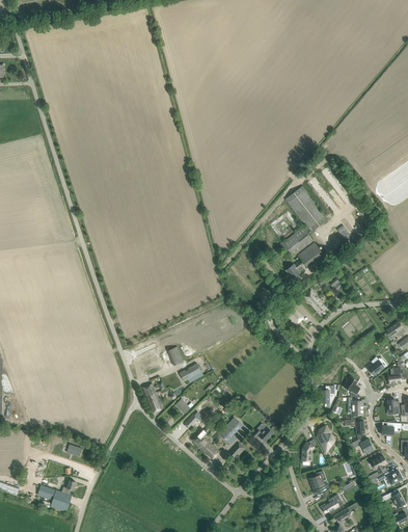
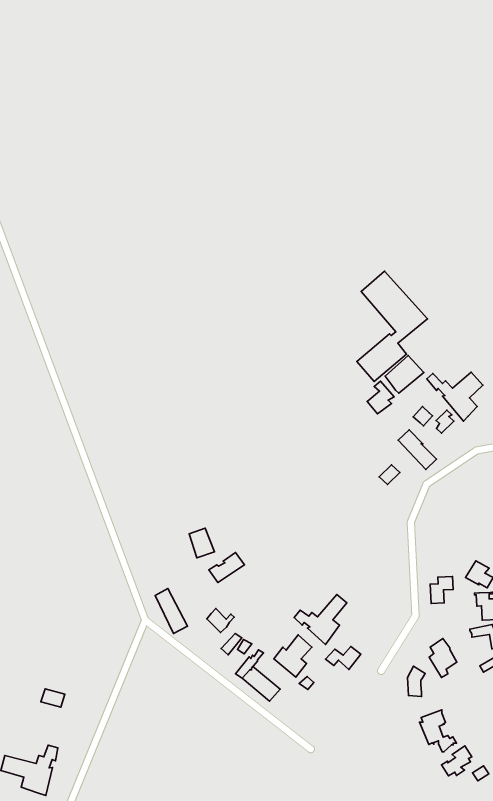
building: none -> [427,372,483,421]
building: none -> [294,594,347,644]

